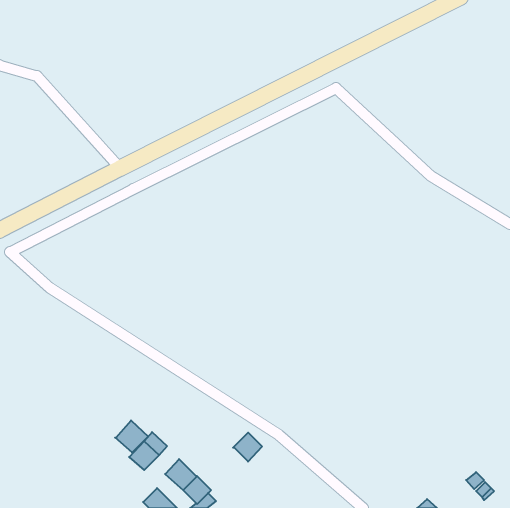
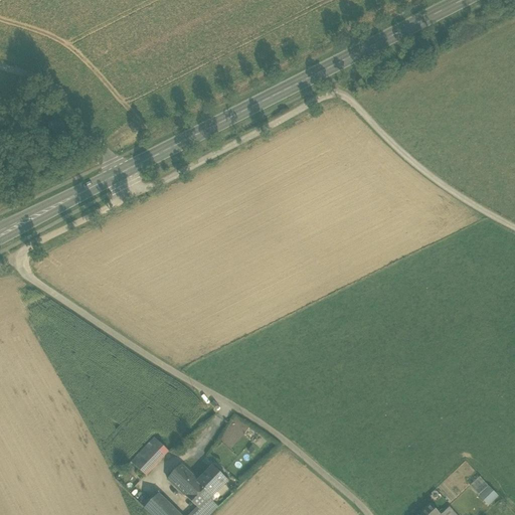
building: [115,420,148,453] -> none
building: [233,433,262,462] -> [197,464,226,493]

